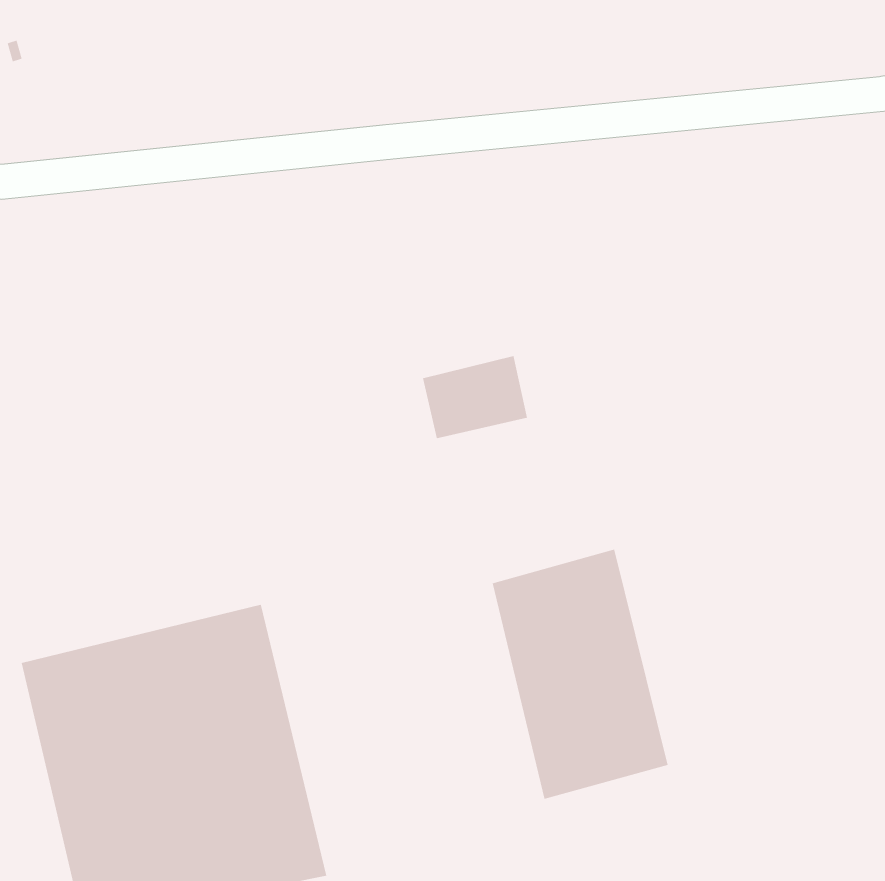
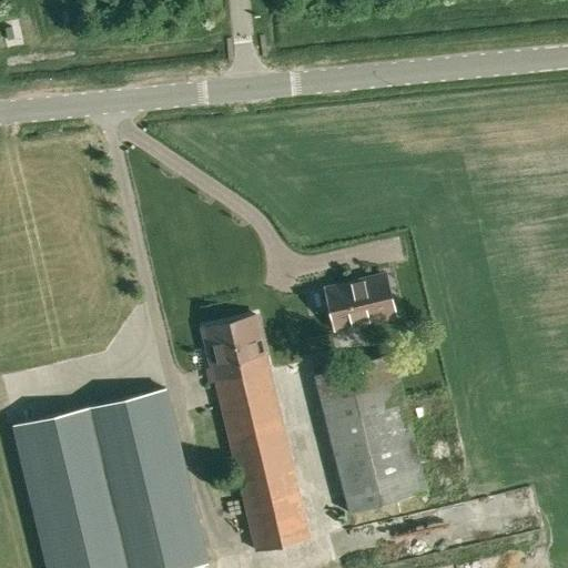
building: [422,356,528,439] -> [326,276,394,329]
building: none -> [203,316,307,552]

